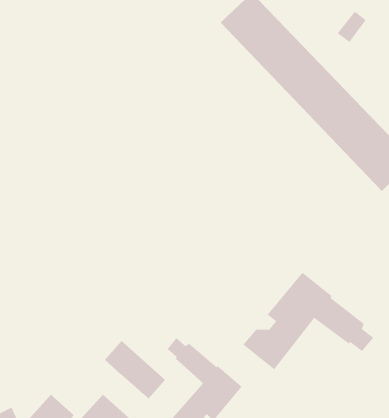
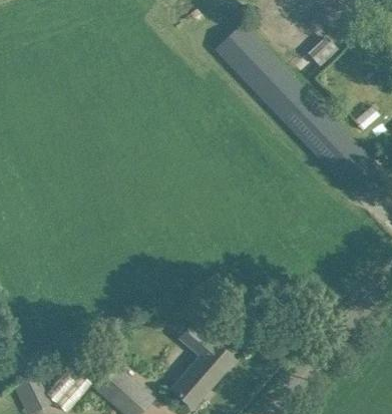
building: [243,272,374,370] -> none
building: [104,340,166,400] -> none

